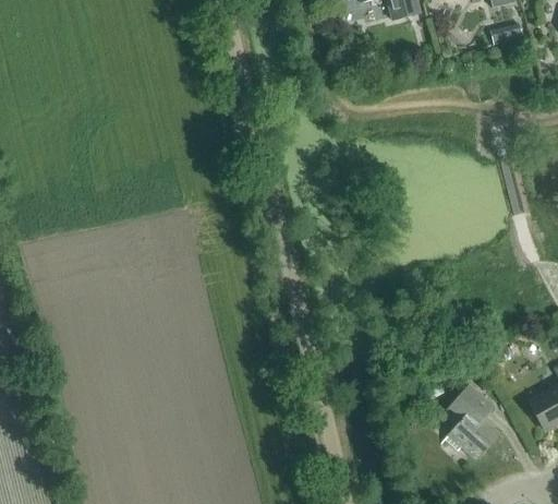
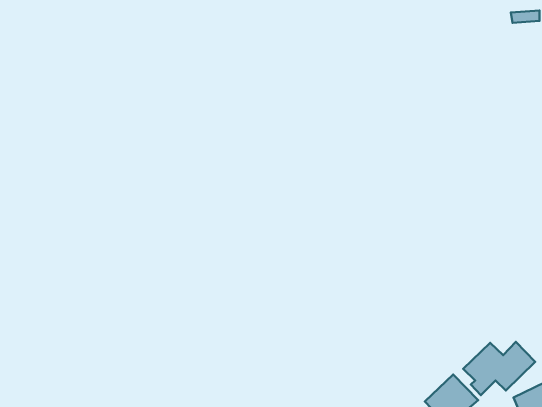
building: none -> [463,342,535,395]

